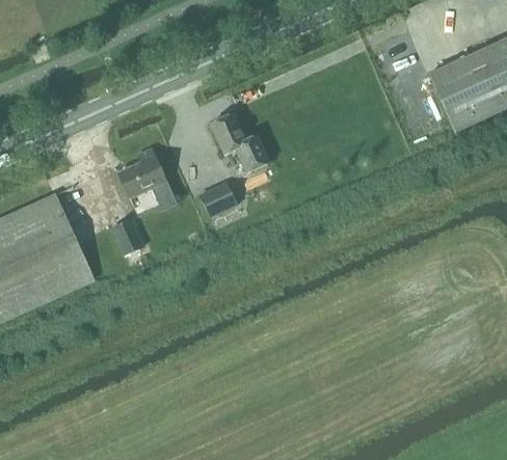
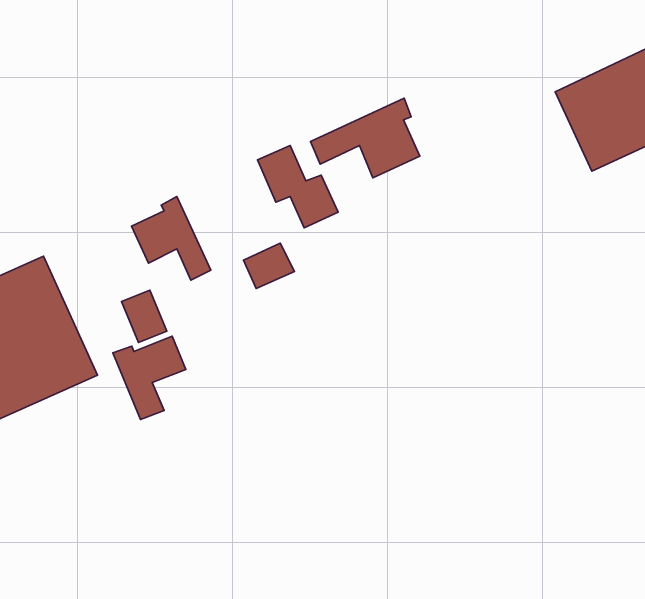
building: none -> [311,98,420,178]
building: none -> [113,336,186,420]

